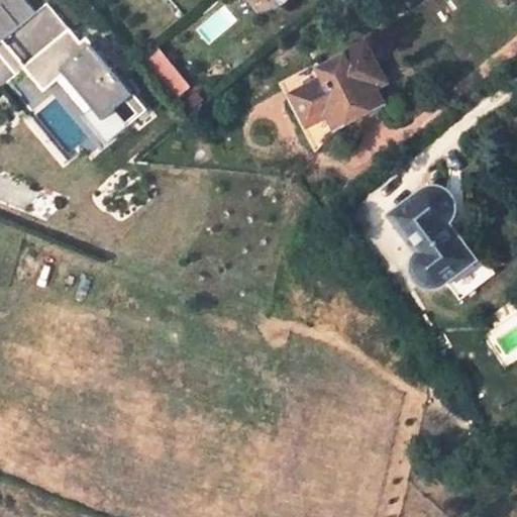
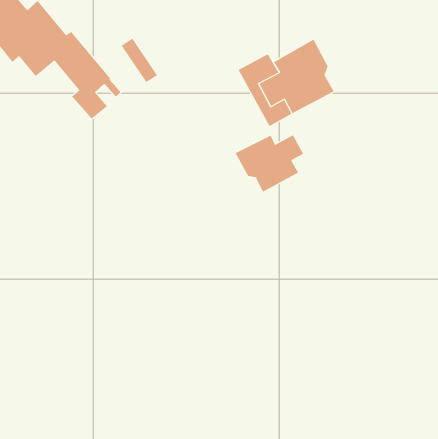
building: none -> [235,135,304,193]
building: [388,185,474,285] -> none

